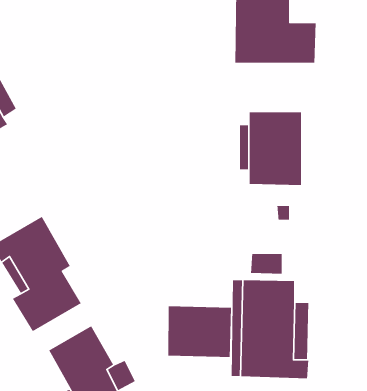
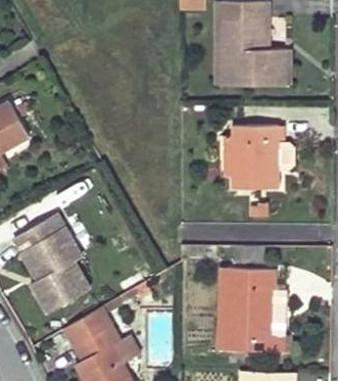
building: [168,306,232,358] -> none

